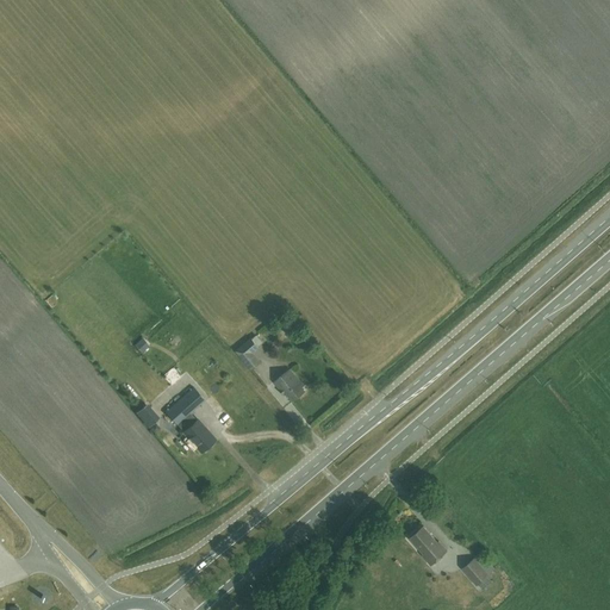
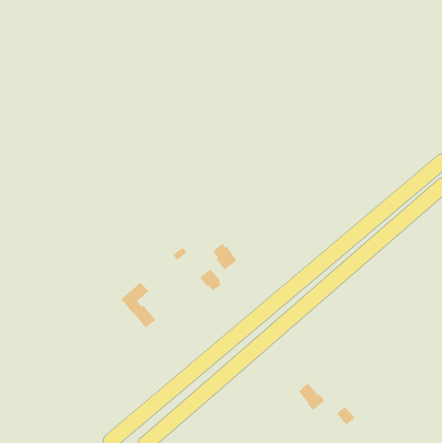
building: none -> [213,243,237,270]

